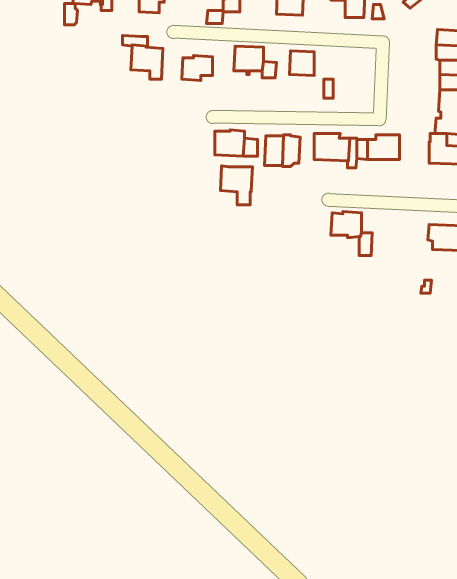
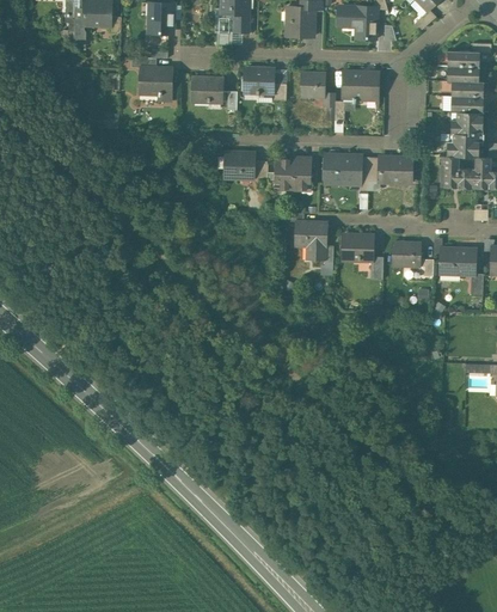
building: none -> [340,71,378,103]
building: [220,166,252,205] -> [294,220,326,259]
building: none -> [391,241,419,265]

